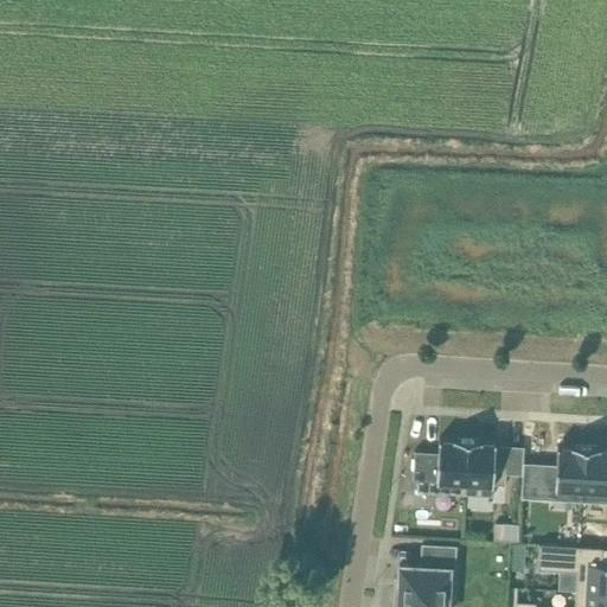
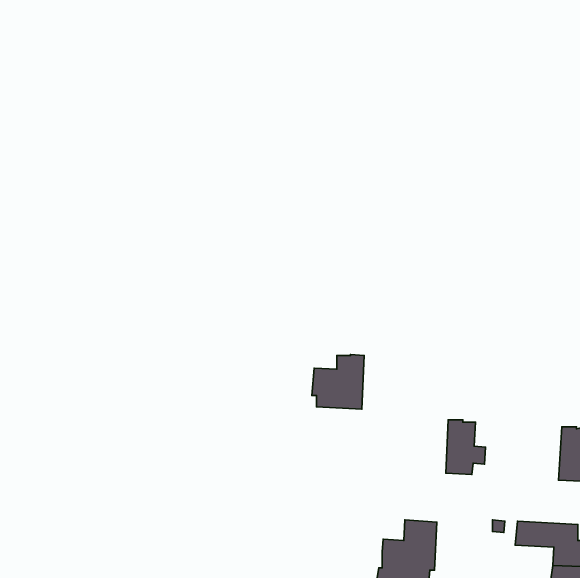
building: [414,440,468,497] -> [312,355,364,409]
building: [522,447,587,504] -> none

